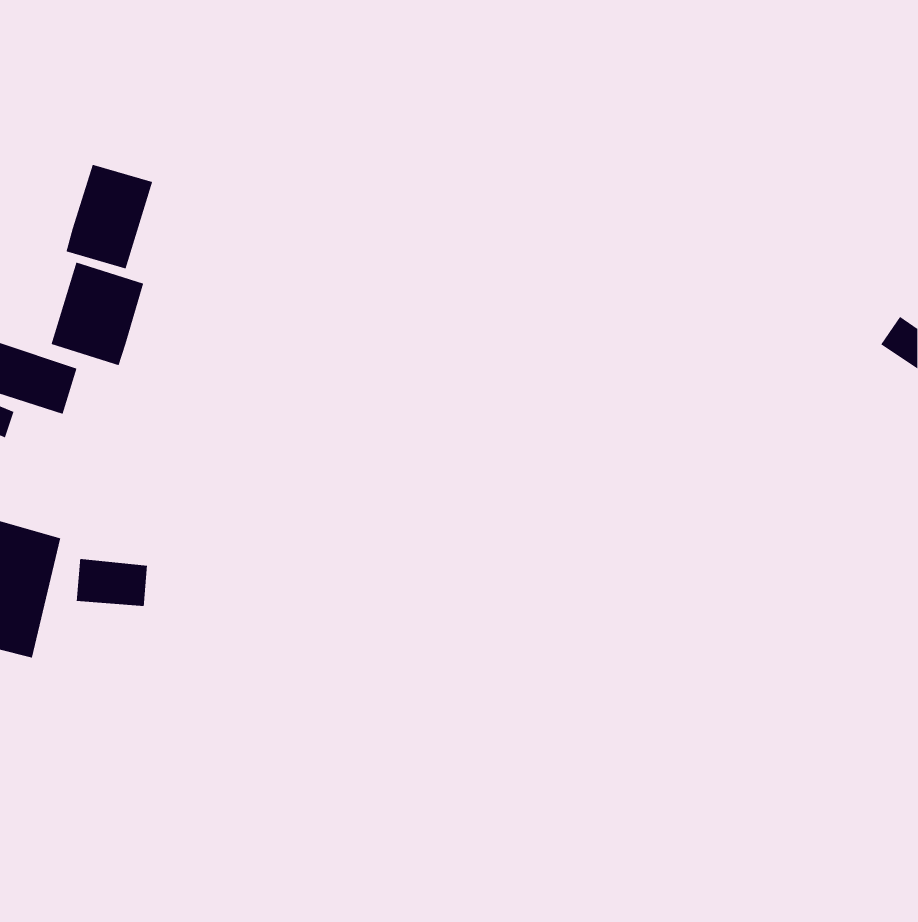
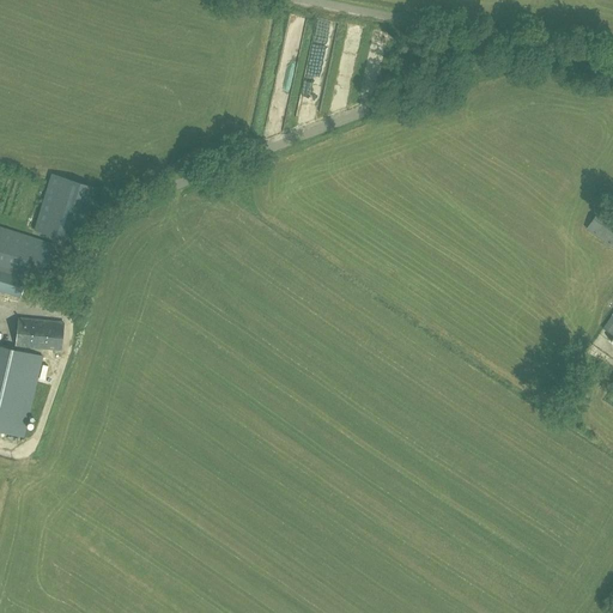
building: [65,164,153,270] -> none
building: [76,558,148,607] -> [14,317,62,350]

